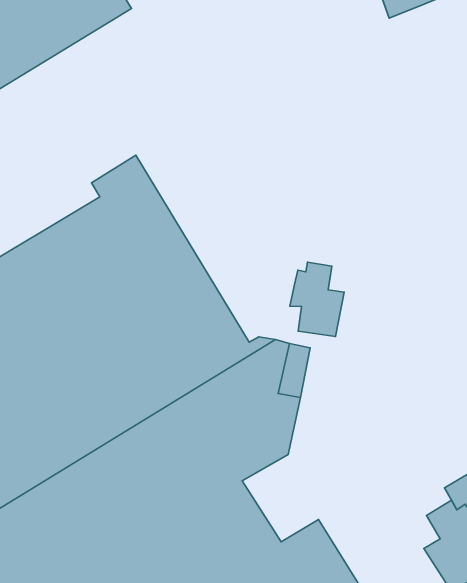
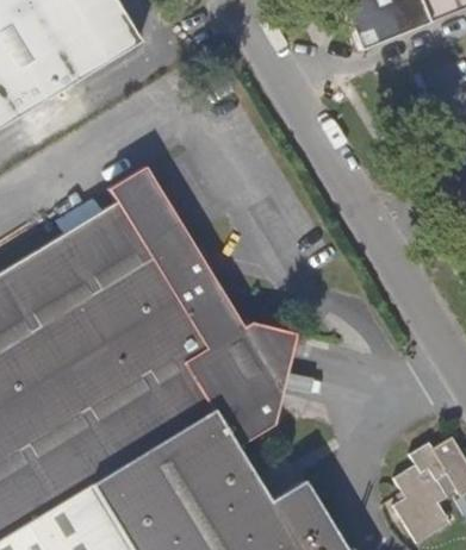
building: [290,262,344,336] -> none

